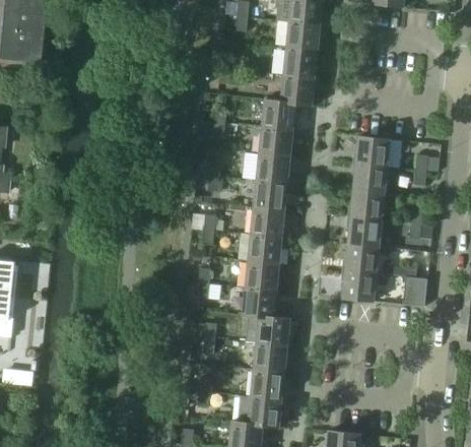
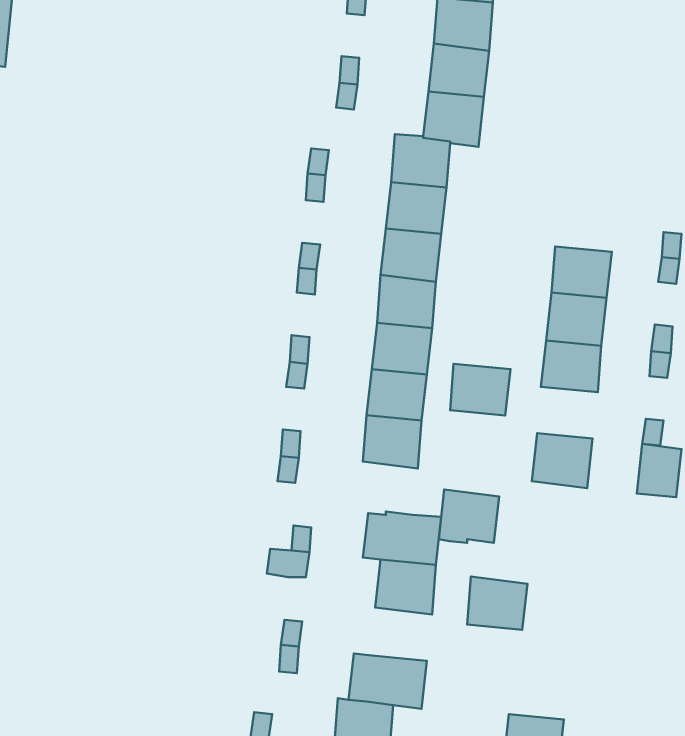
building: [354,136,401,168] -> none
building: [344,244,379,273] -> [450,364,511,416]
building: [242,286,276,317] -> [439,490,499,543]
building: [250,370,284,400] -> [467,577,528,630]

